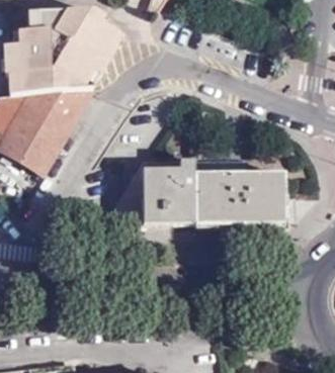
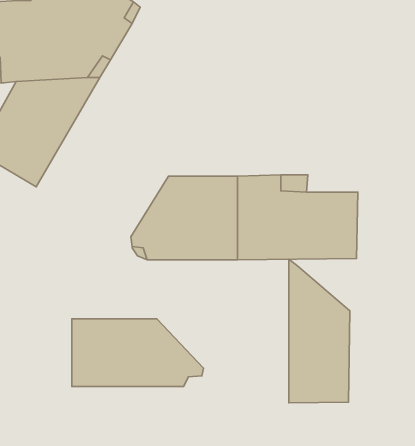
building: none -> [289,259,350,403]
building: none -> [72,319,204,387]

